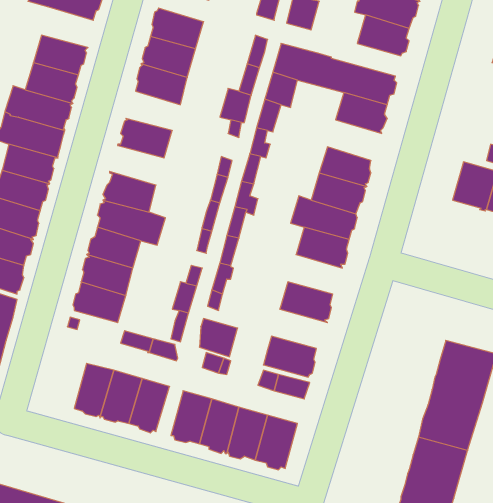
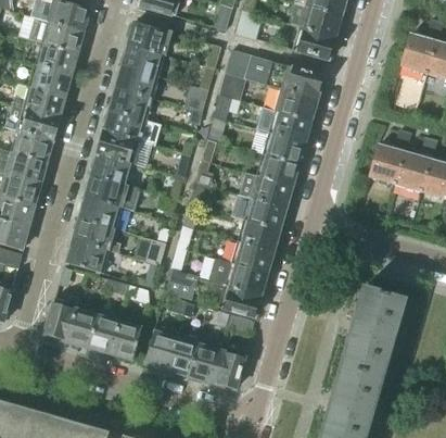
building: none -> [41,21,82,53]
building: none -> [109,88,152,120]
building: none -> [269,111,313,143]
building: none -> [95,132,152,166]
building: none -> [238,218,282,250]
building: none -> [209,258,269,293]
building: none -> [44,295,79,341]

